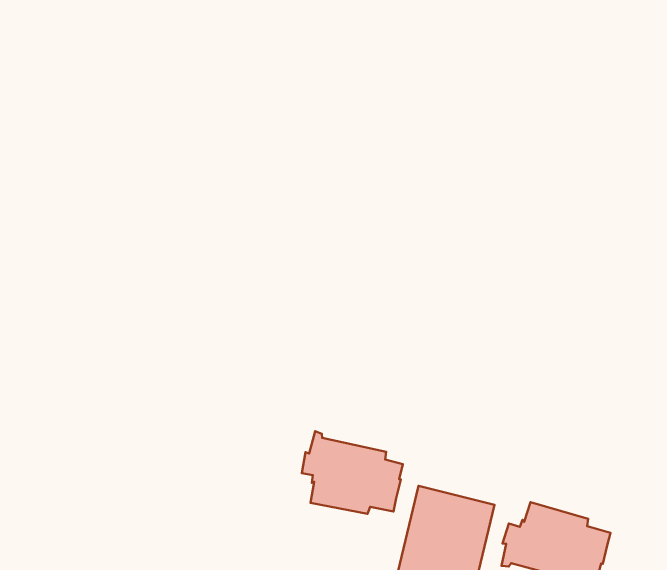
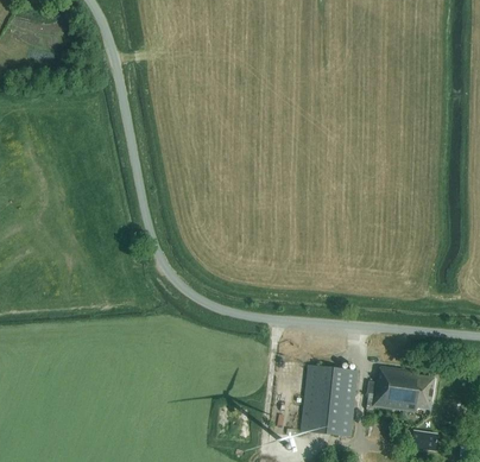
building: [302,431,403,514] -> none

